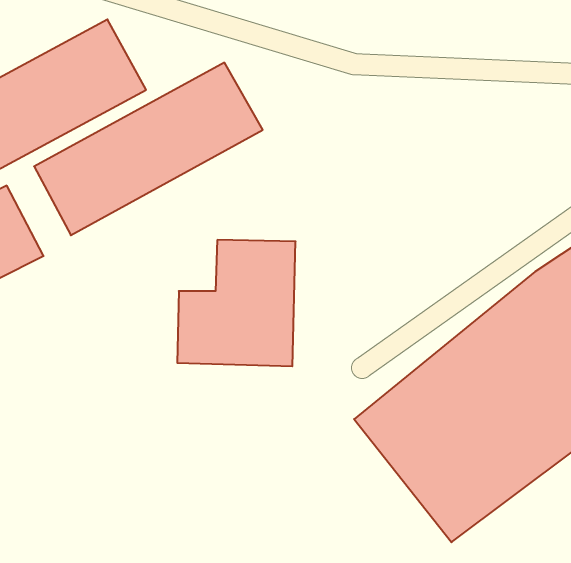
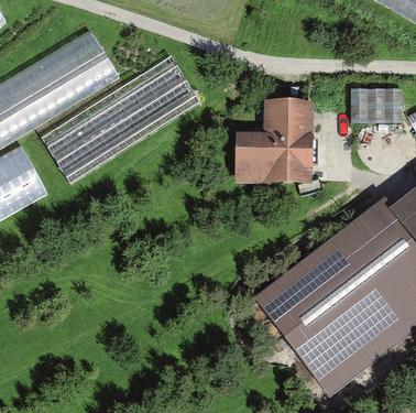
building: none -> [355,90,399,123]
building: [177,240,296,366] -> [232,97,314,184]

